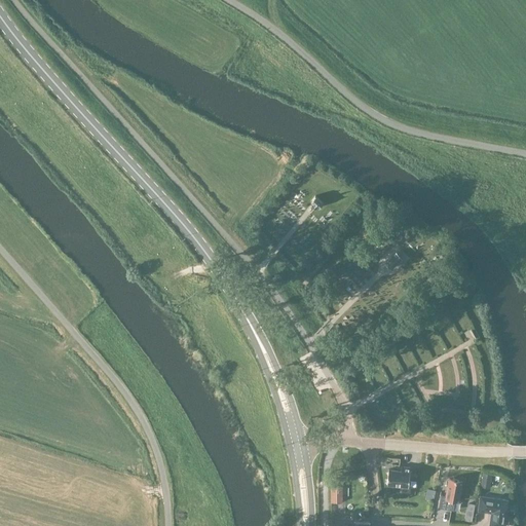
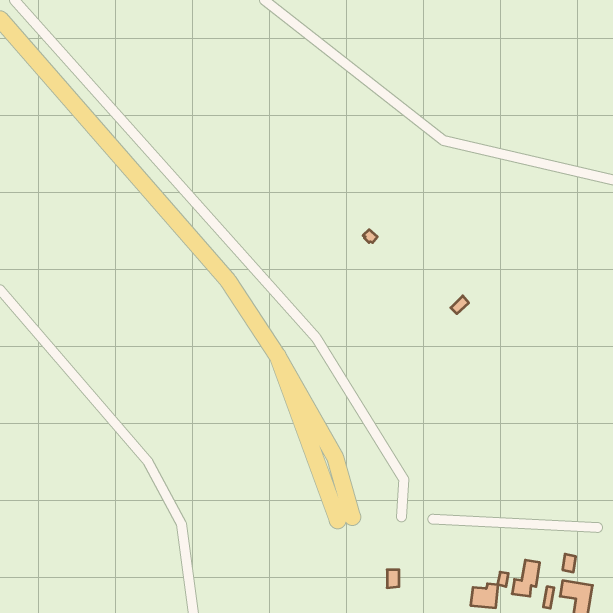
building: [387,467,411,488] -> [471,584,498,608]

